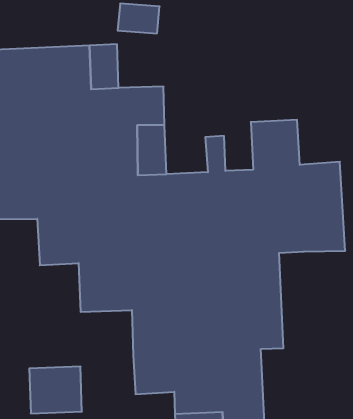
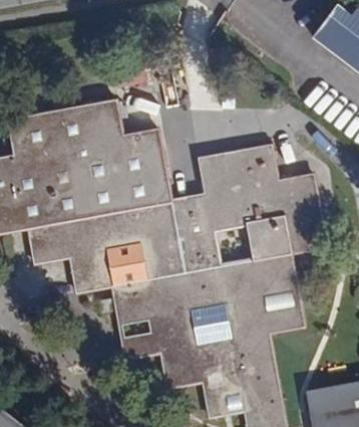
building: none -> [194,152,238,194]
building: none -> [268,250,302,331]
building: [29,367,82,413] -> [114,316,161,360]

